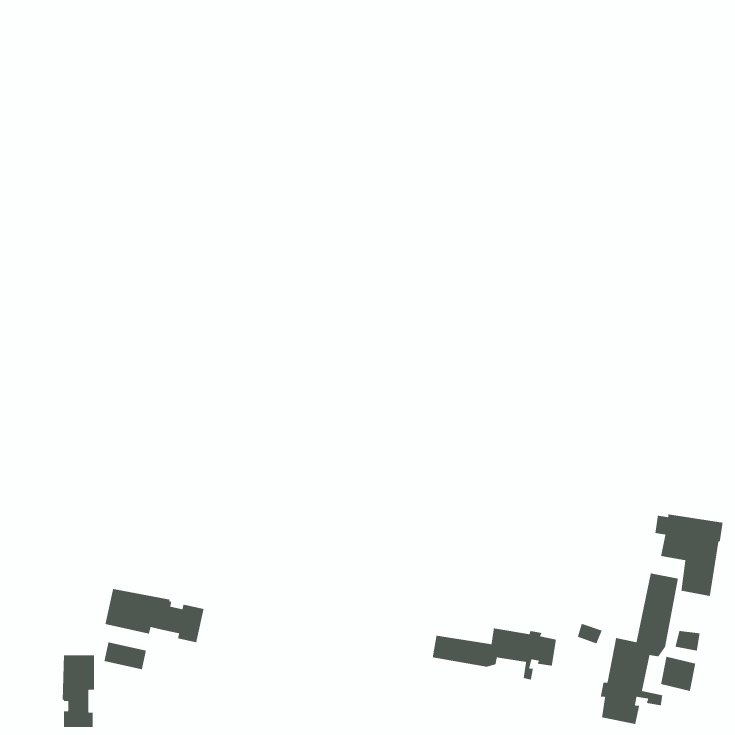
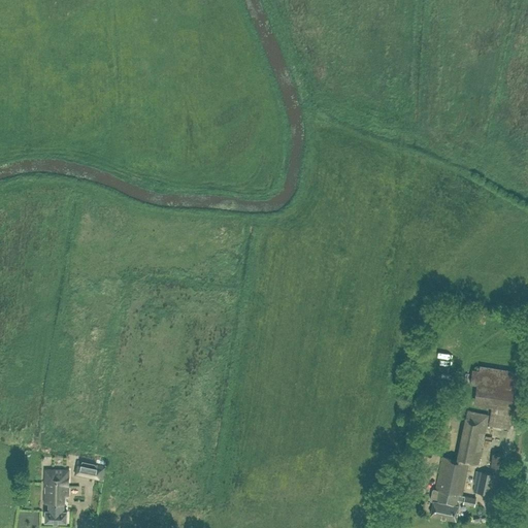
building: [104,588,205,643] -> none
building: [432,627,557,681] -> none

